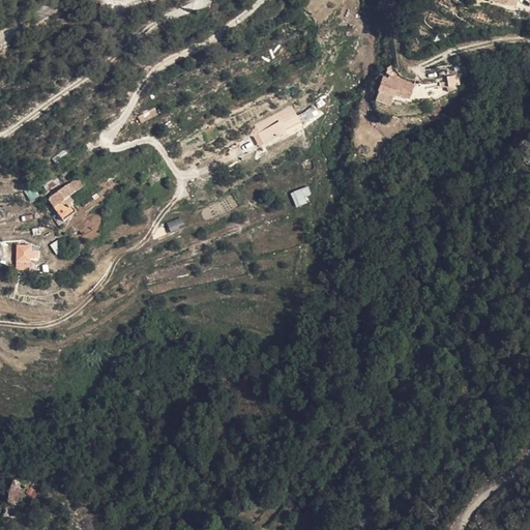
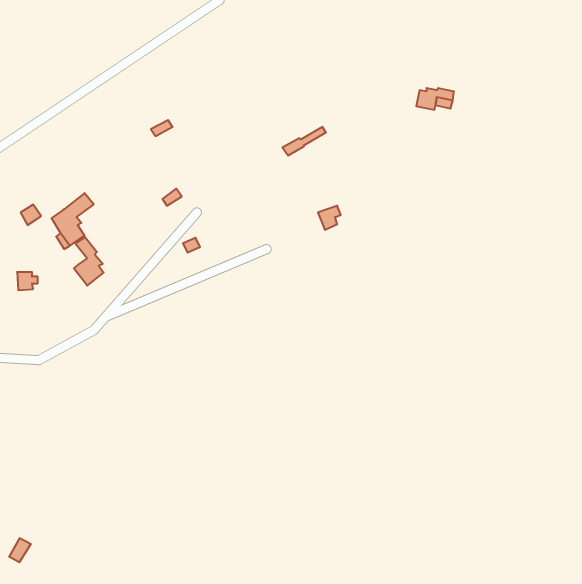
building: none -> [74,237,104,286]

